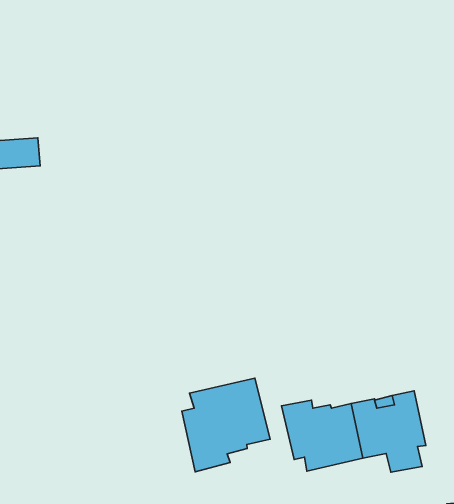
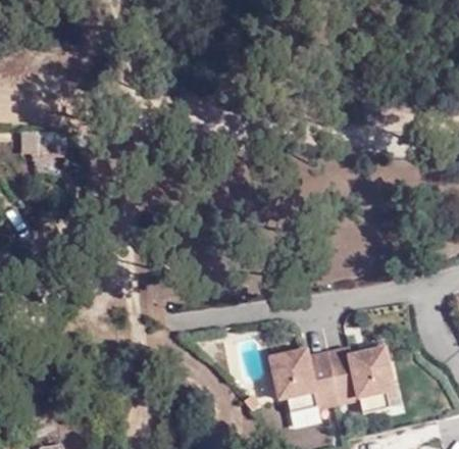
building: [182,378,270,472] -> none

